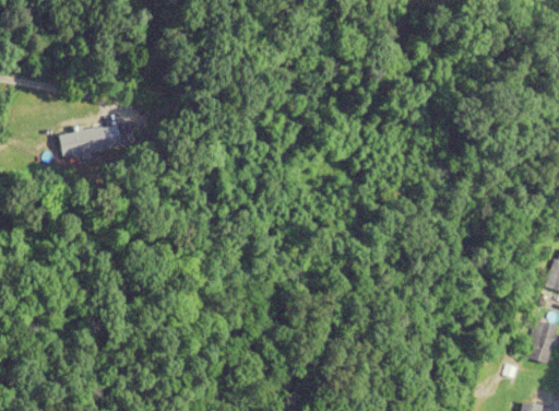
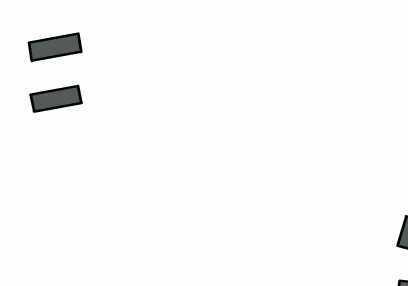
building: none -> [29,34,81,61]

